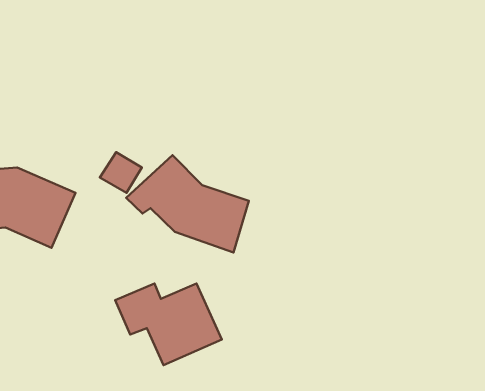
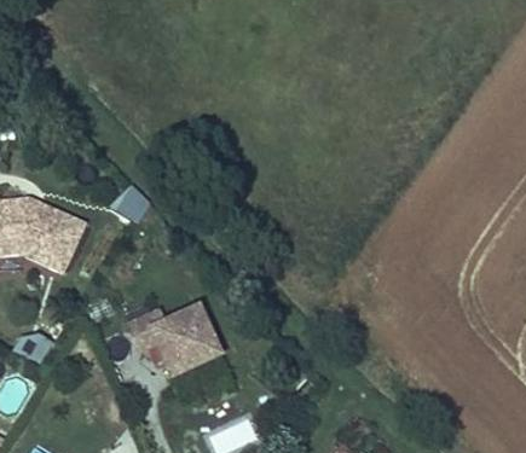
building: [126,155,249,252] -> none

